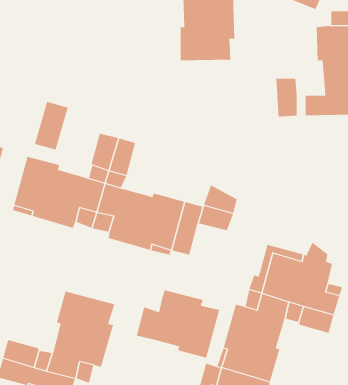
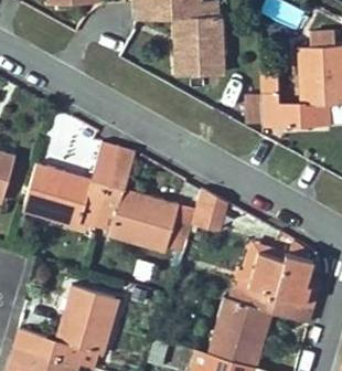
building: [136,289,220,359] -> none

